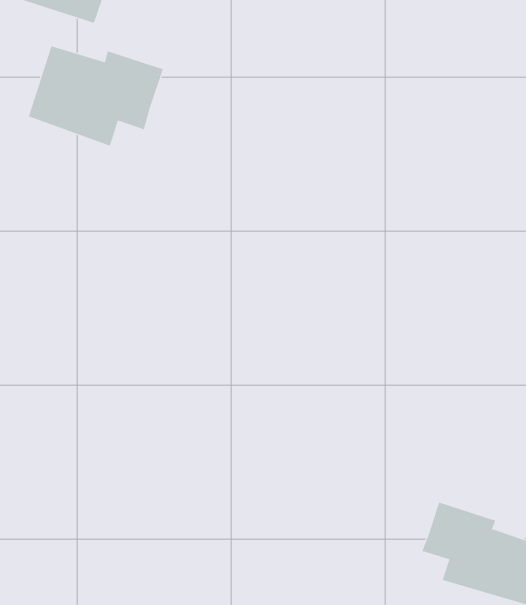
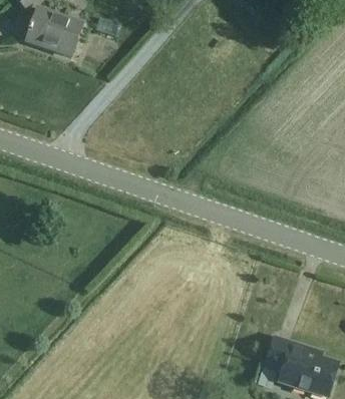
building: [28,45,163,147] -> none

